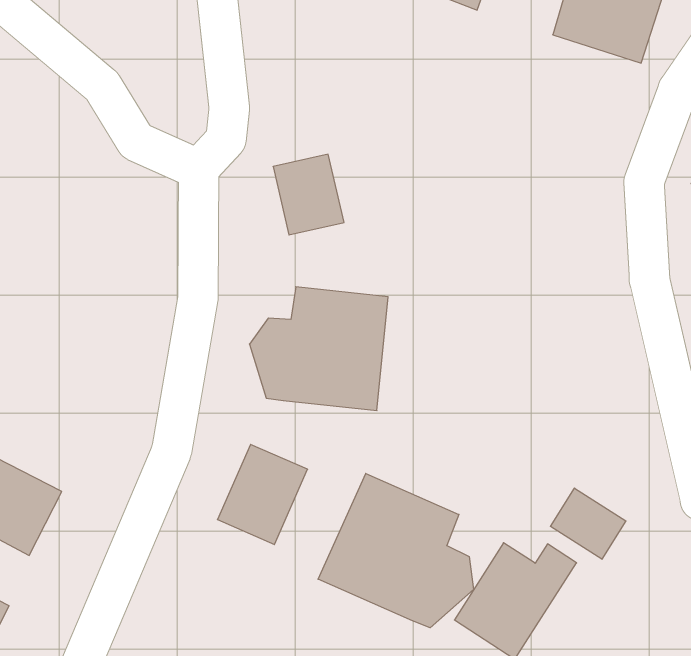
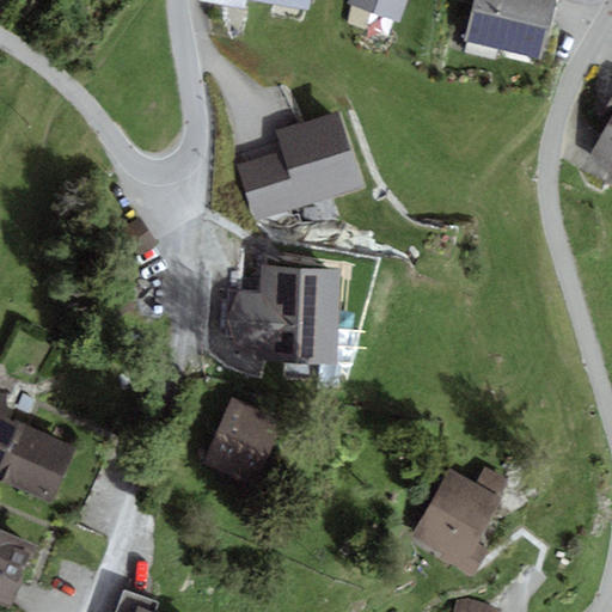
building: none -> [275,111,362,209]
building: [318,473,474,628] -> none
building: [550,488,626,559] -> none

